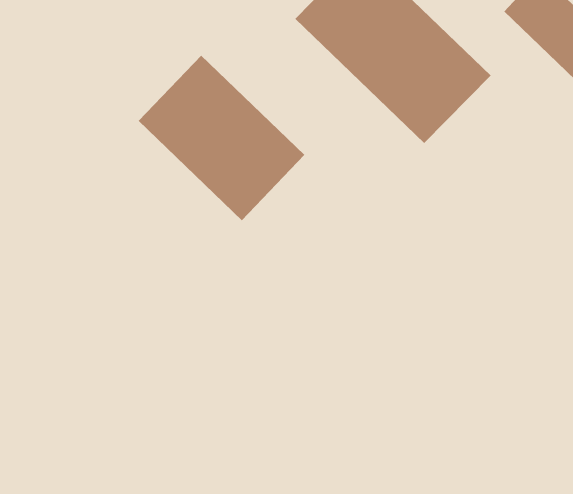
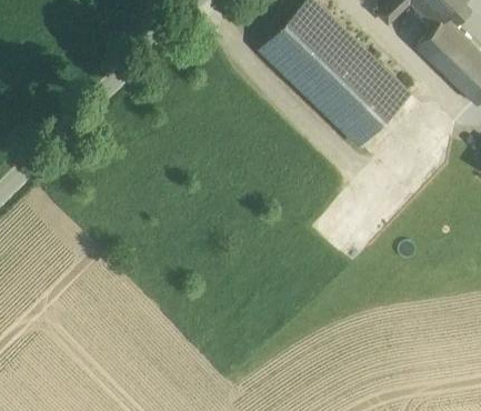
building: [138,55,305,221] -> none

